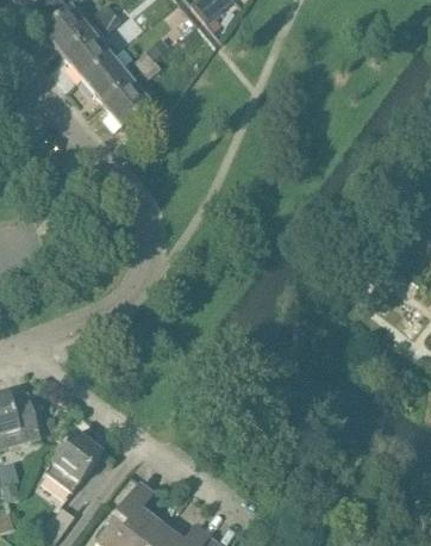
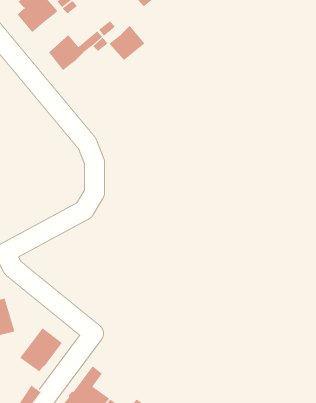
building: [63,24,110,77] -> none
building: [102,77,150,124] -> [108,25,146,61]

